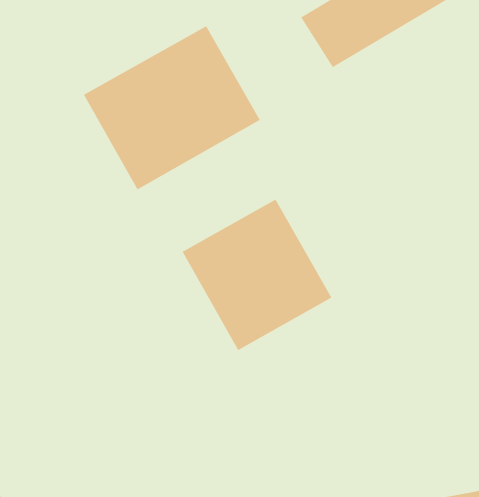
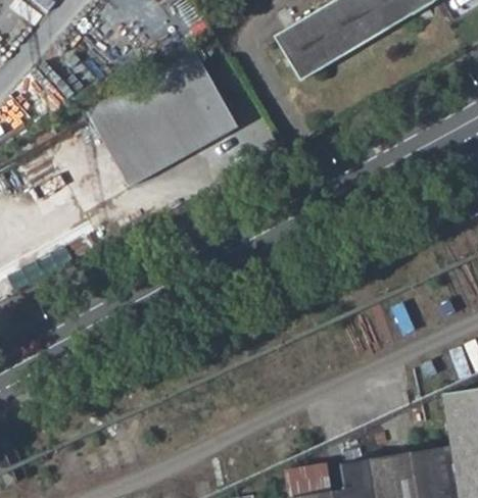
building: [182,199,333,351] -> none

